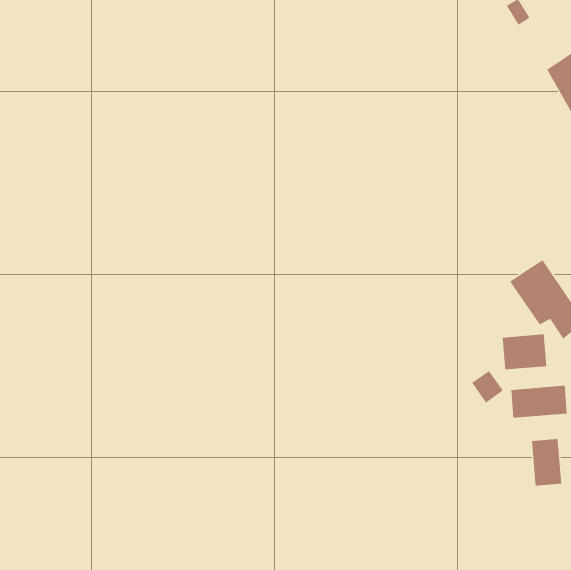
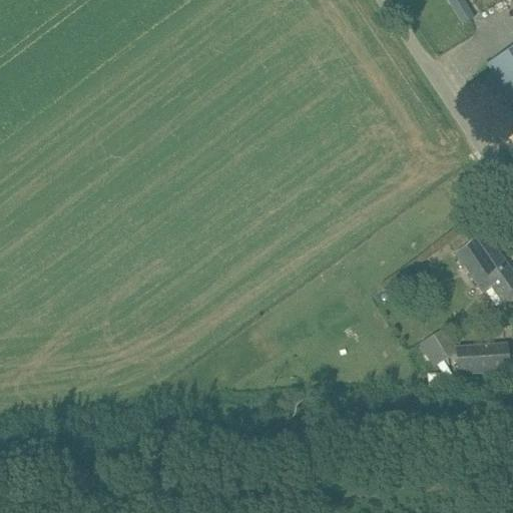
building: [502,334,547,370] -> none
building: [531,438,562,487] -> none

